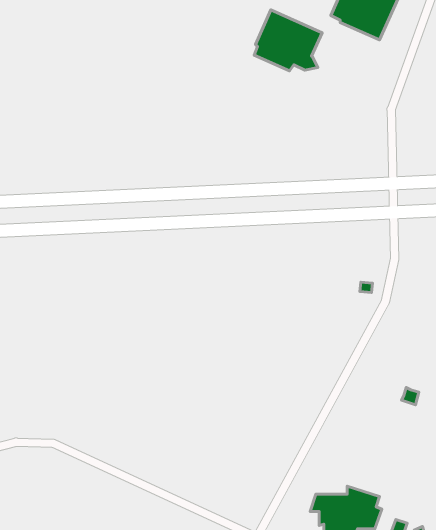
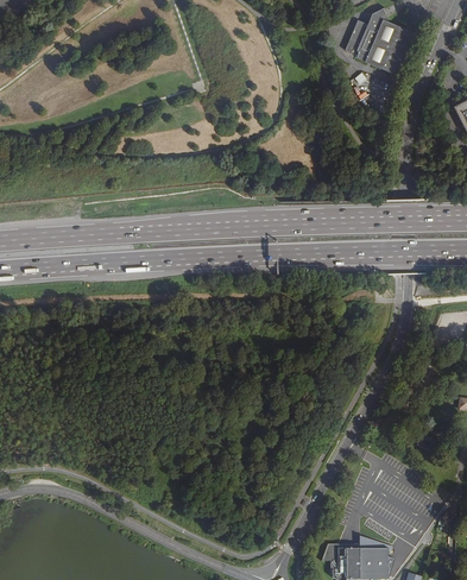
building: [254,10,322,71] -> none

